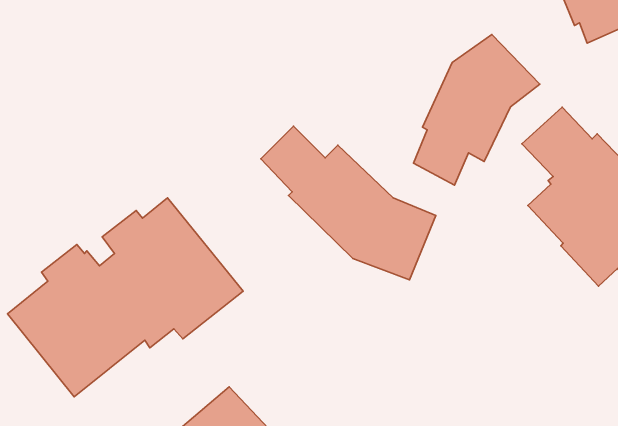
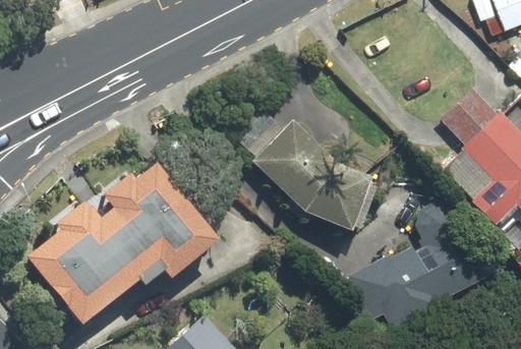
building: [414,34,540,185] -> none
building: none -> [350,199,493,336]

